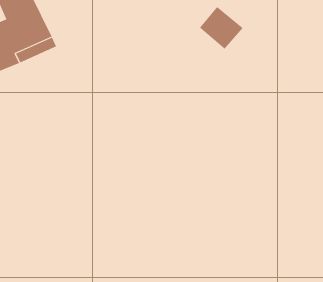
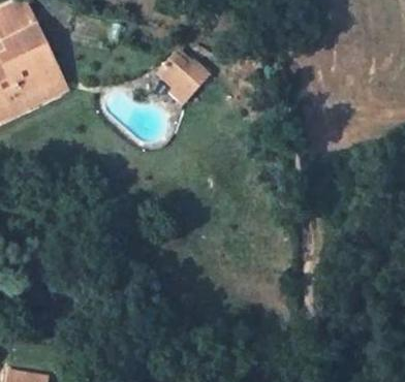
building: [199,6,244,49] -> [154,46,206,97]

